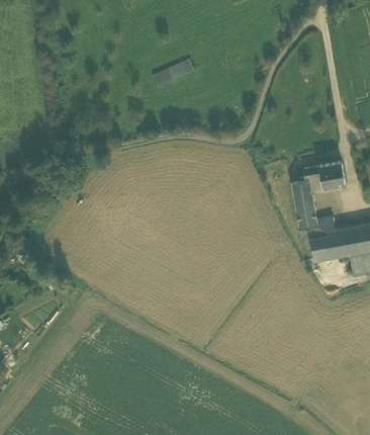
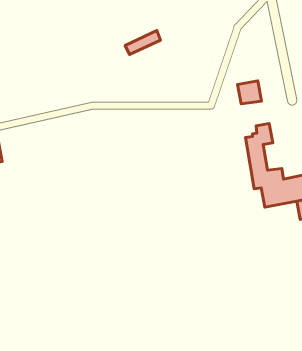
building: [318,162,346,188] -> [237,81,261,104]

